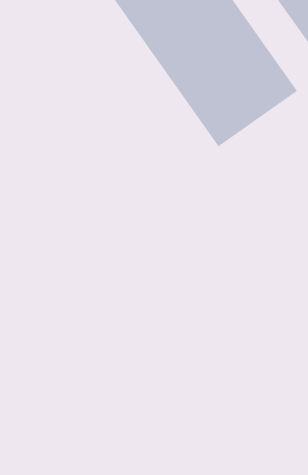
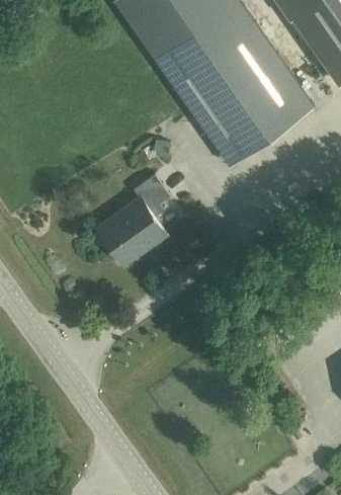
building: none -> [98,175,170,265]

